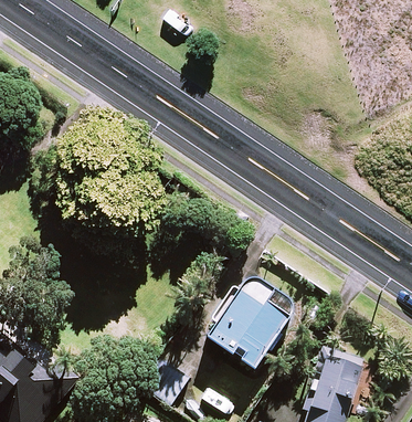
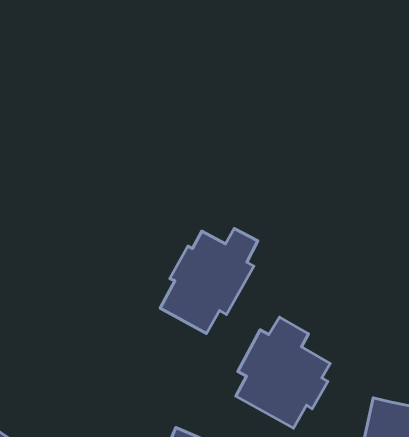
building: none -> [160,229,258,334]

